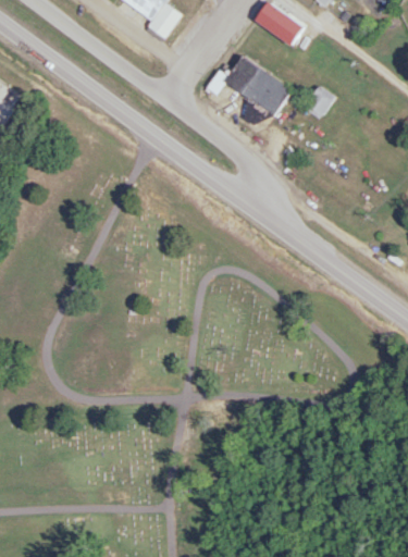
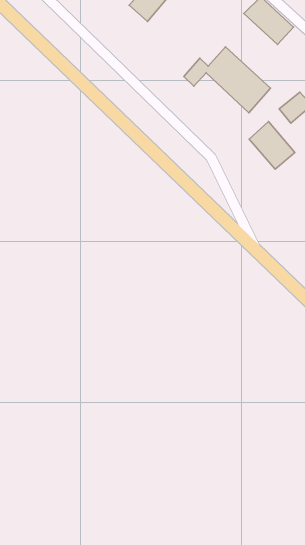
building: none -> [249,121,295,169]

